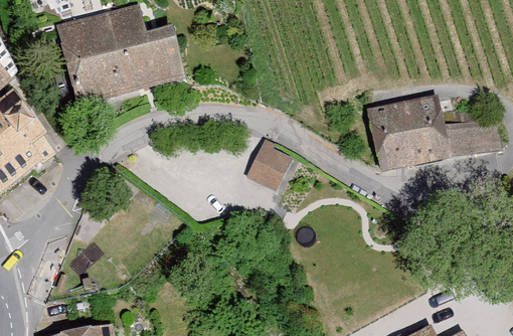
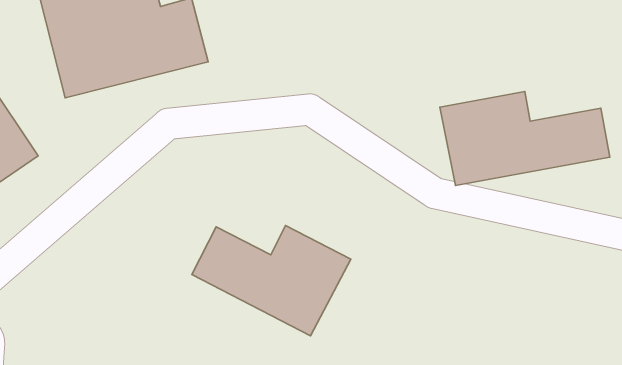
building: [247,136,296,187] -> none
building: none -> [192,226,351,336]

